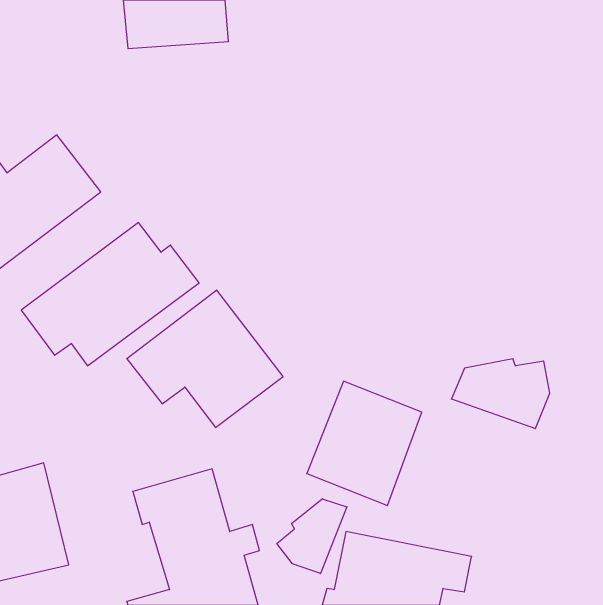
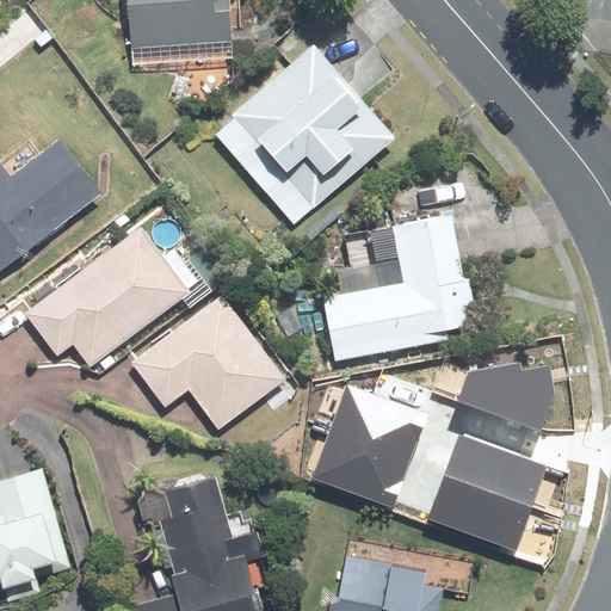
building: none -> [229,43,395,210]
building: none -> [321,209,476,362]
building: none -> [427,438,566,570]
building: [277,499,347,574] -> none

